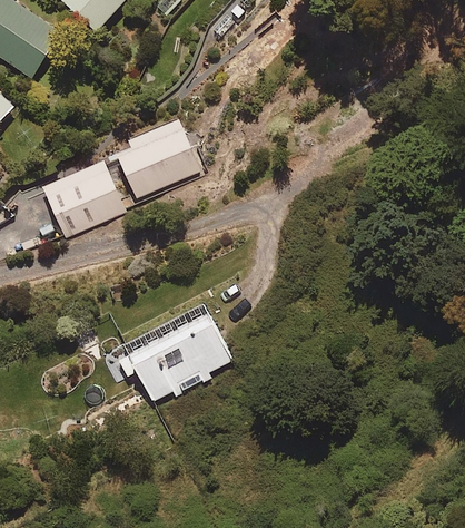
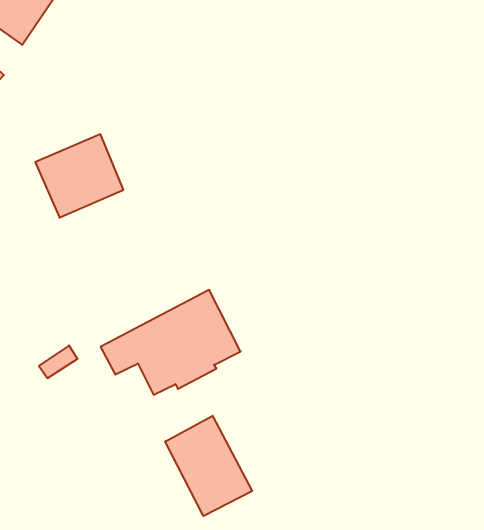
building: [118,120,200,198] -> none
building: none -> [165,416,252,516]

